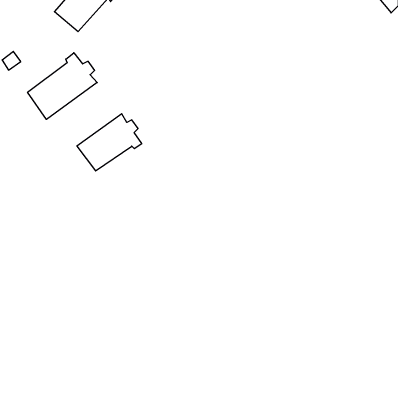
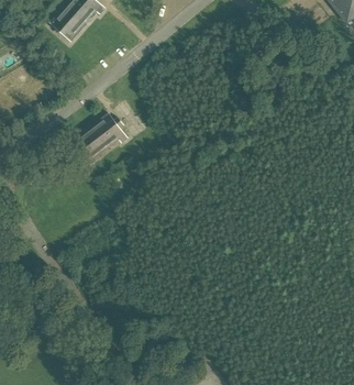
building: [28,53,97,119] -> none

